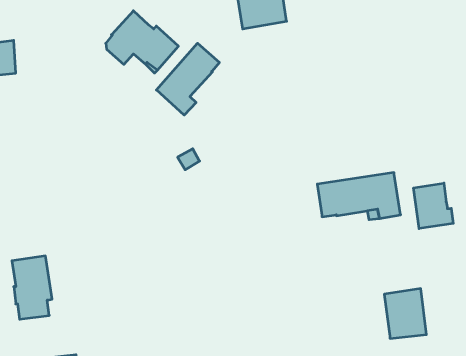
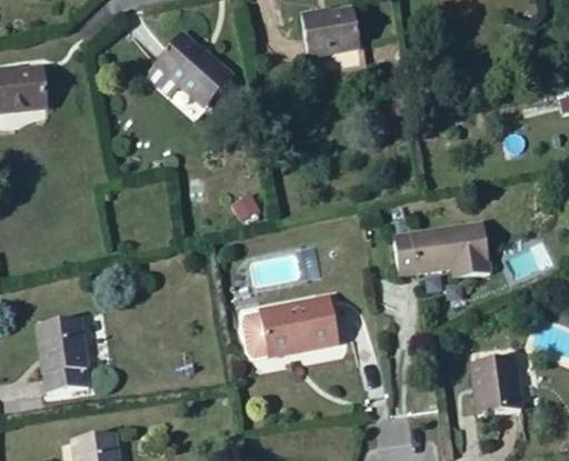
building: [156,43,219,115] -> none
building: [414,183,453,229] -> none
building: none -> [241,297,339,354]

